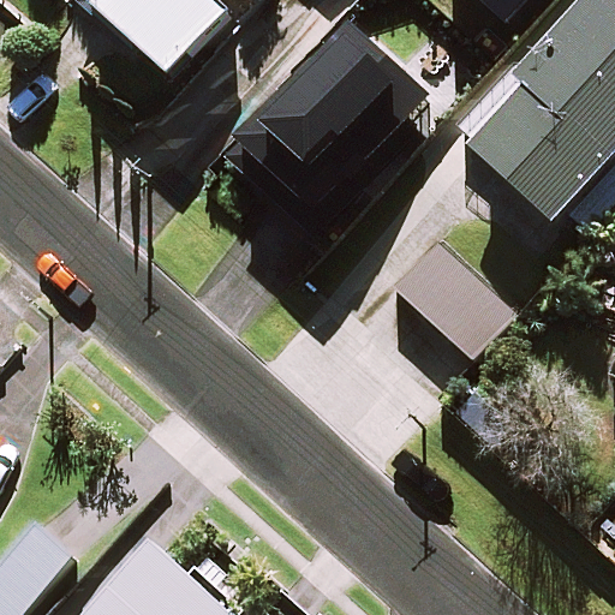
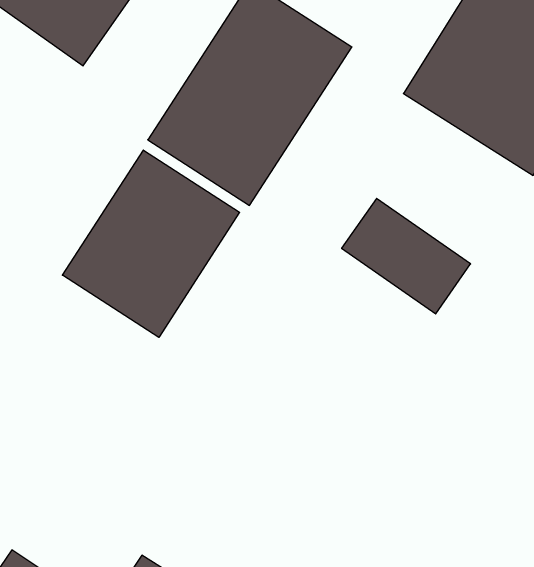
building: none -> [62,150,240,337]

